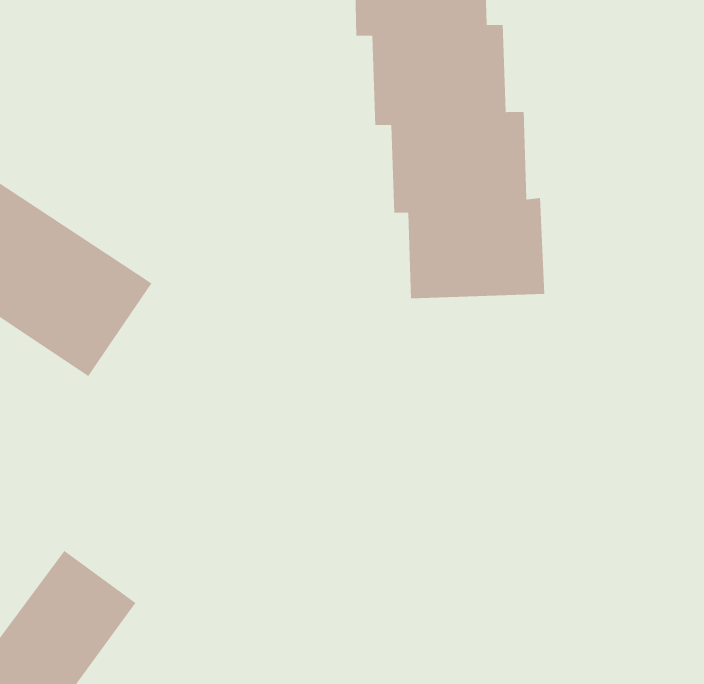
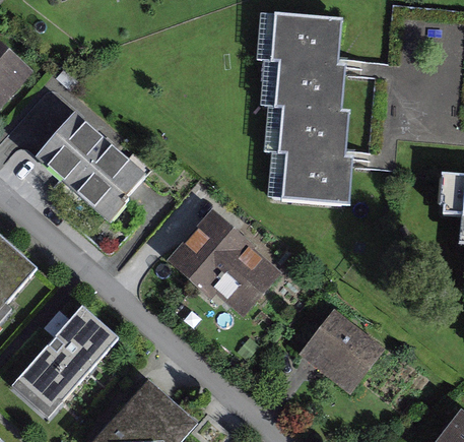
building: none -> [174,205,278,307]
building: none -> [295,310,383,395]

